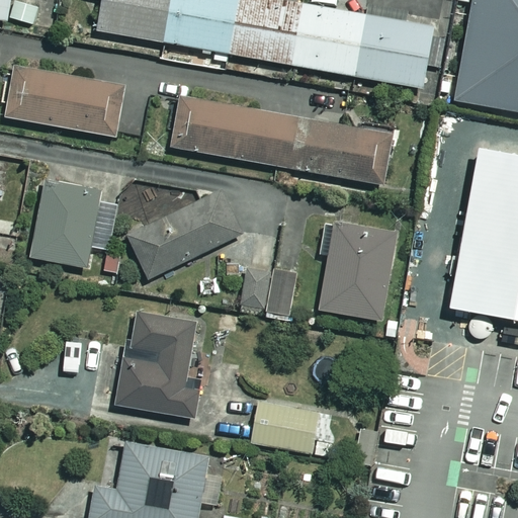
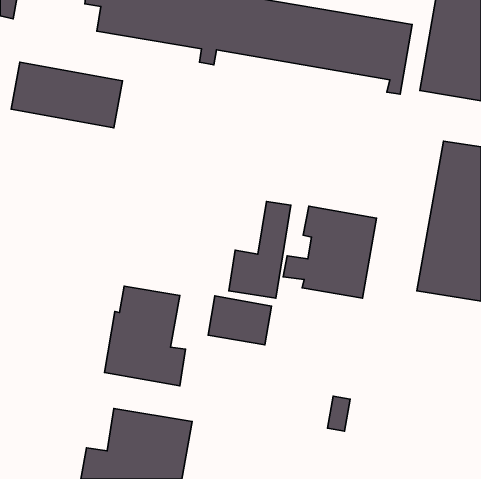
building: [148,96,400,186] -> none
building: [38,184,122,268] -> none
building: [135,191,249,277] -> none
building: [249,398,317,450] -> [208,296,271,345]

